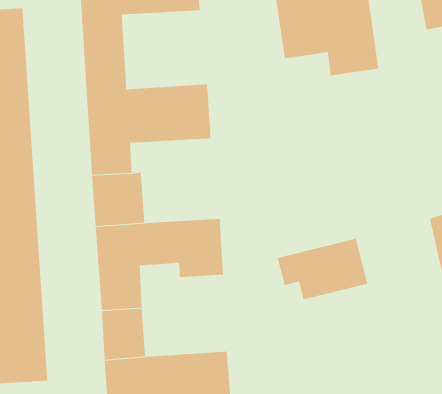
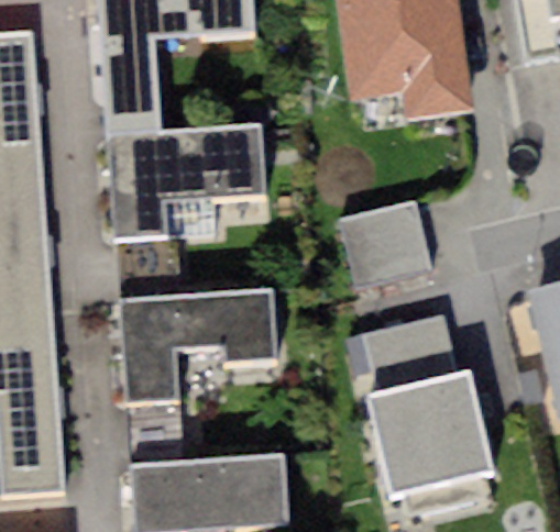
building: none -> [339,201,430,288]
building: none -> [366,367,495,498]

